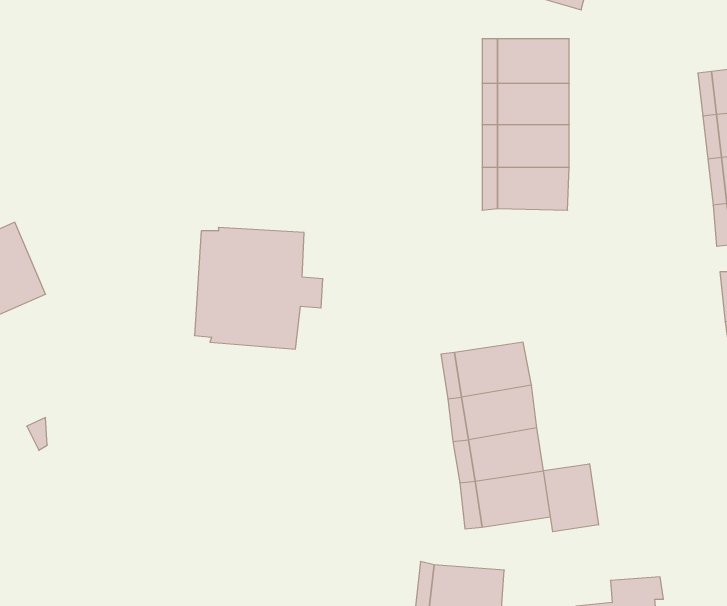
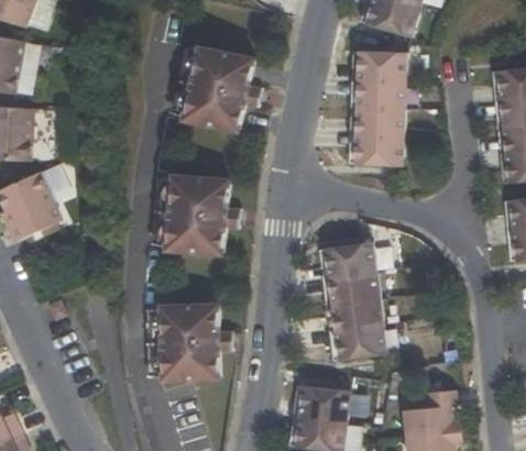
building: none -> [177,45,265,129]
building: none -> [157,301,239,378]
building: [544,464,599,532] -> none

